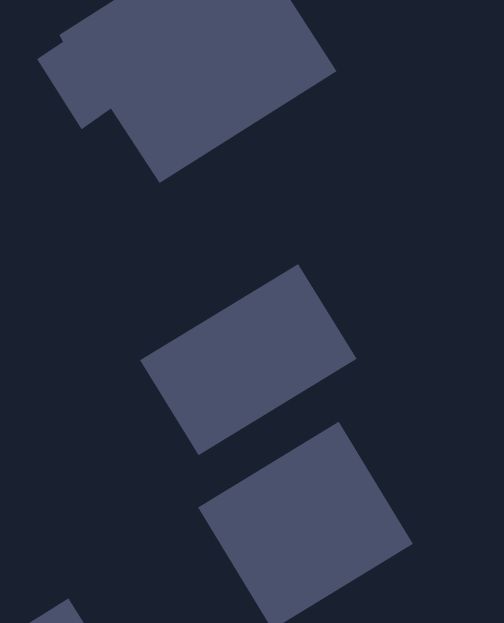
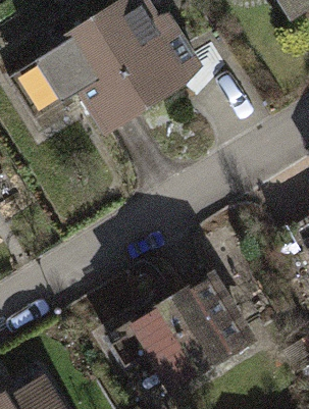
building: [139,263,357,456] -> none

